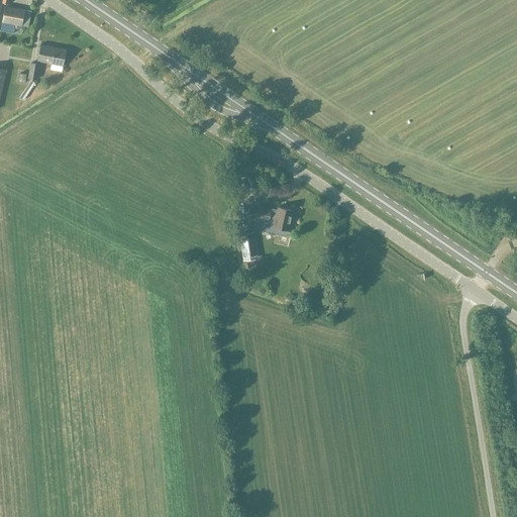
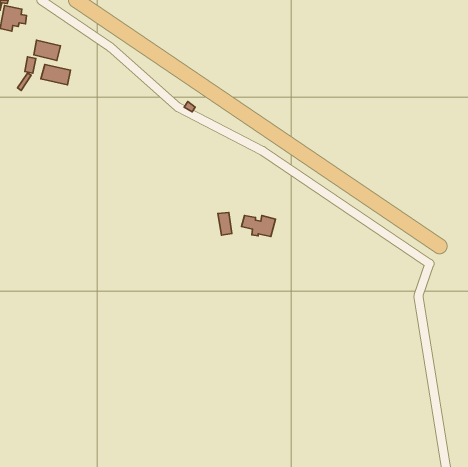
building: none -> [41,64,70,85]
building: [255,208,293,231] -> [242,216,276,237]

